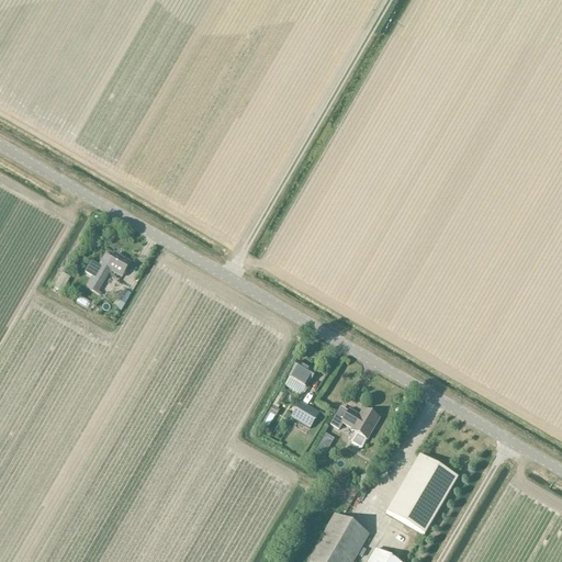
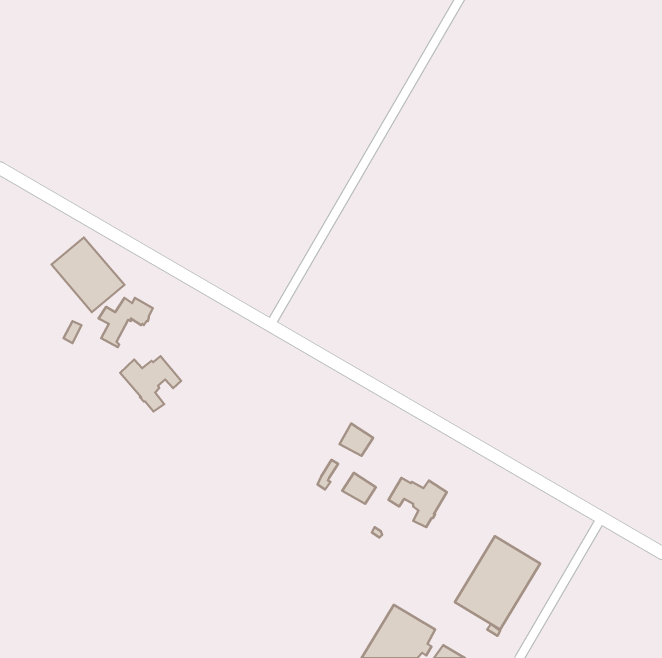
building: none -> [52,237,124,312]
building: none -> [120,356,181,412]

